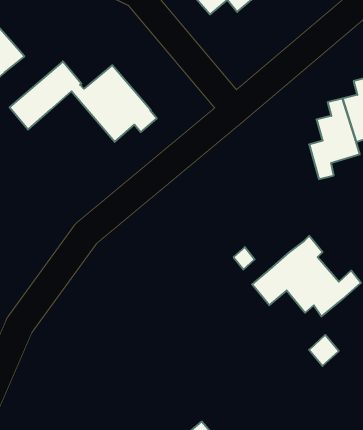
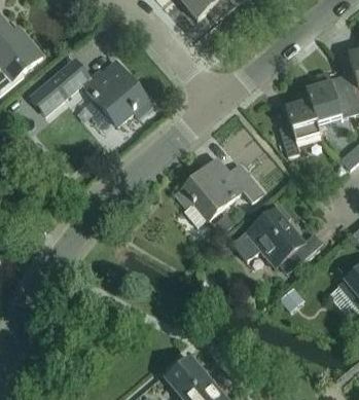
building: none -> [176,158,262,225]

